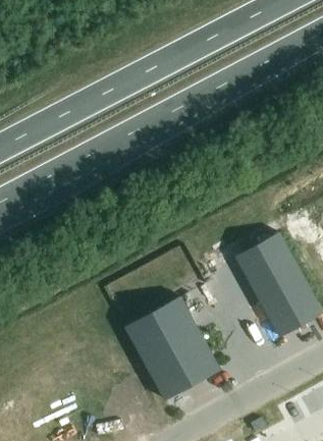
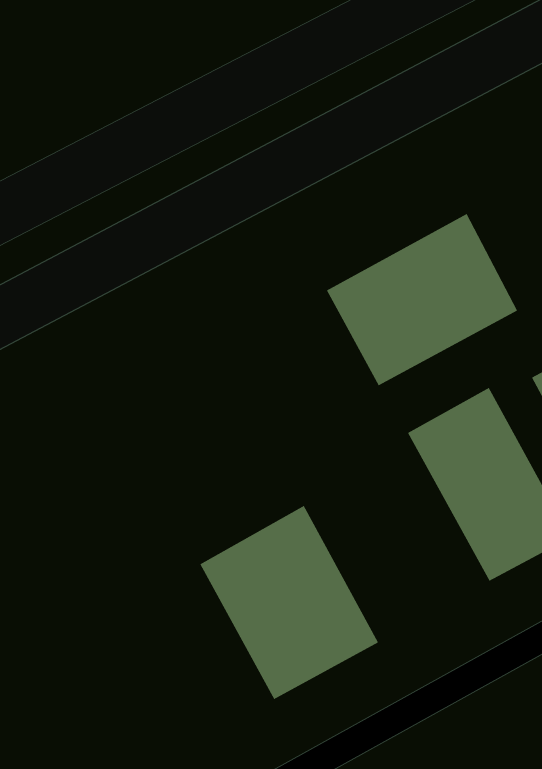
building: none -> [326,213,518,386]

